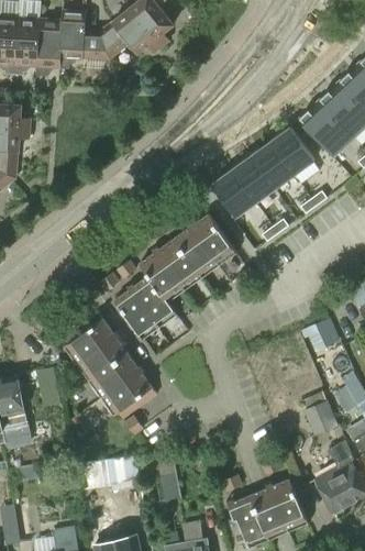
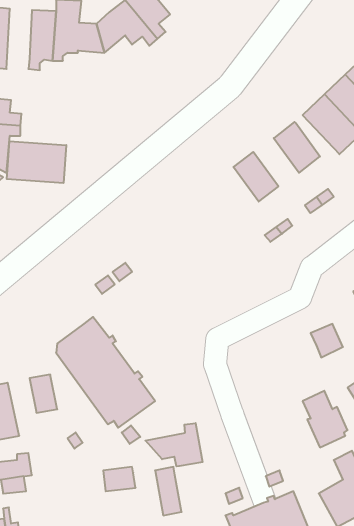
building: [15,19,40,76] -> none
building: [251,142,295,188] -> none
building: none -> [7,141,66,183]
building: [211,169,256,217] -> none
building: [114,213,236,339] -> none
building: none -> [145,423,203,466]

